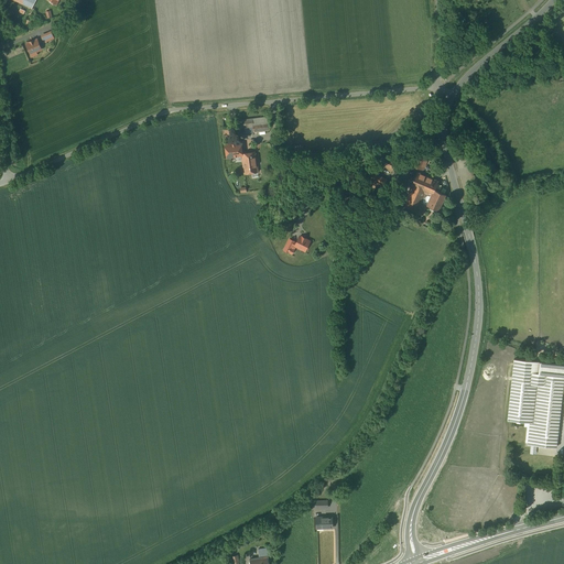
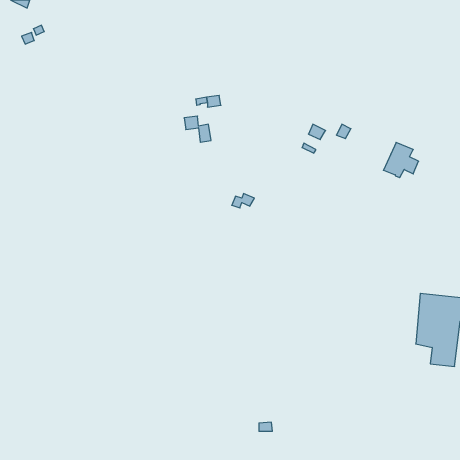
building: [403,172,446,215] -> [383,142,419,178]

